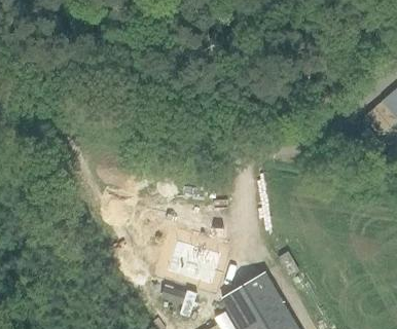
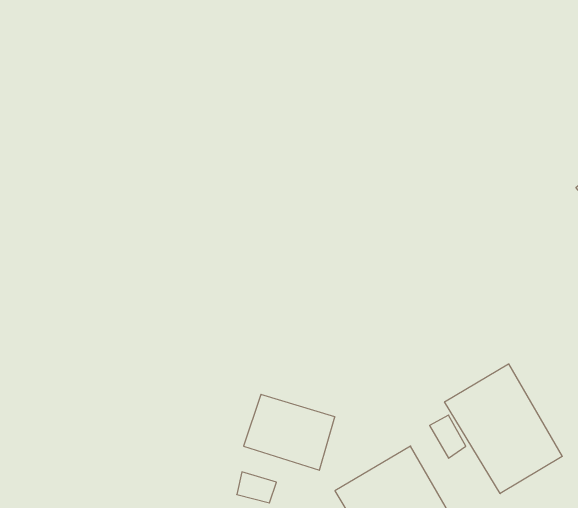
building: none -> [445,364,562,494]

